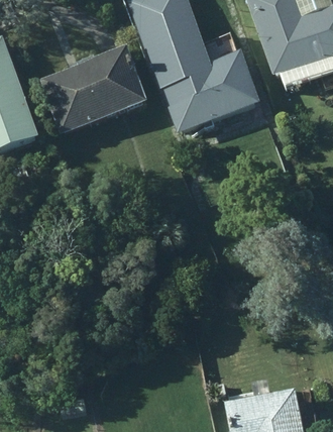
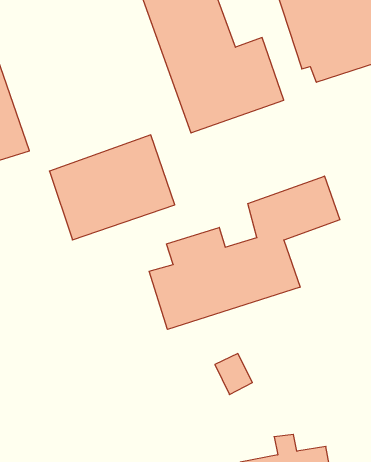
building: [38,44,143,132] -> [49,135,175,240]
building: none -> [149,176,340,329]

